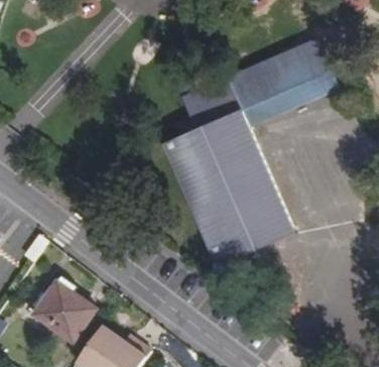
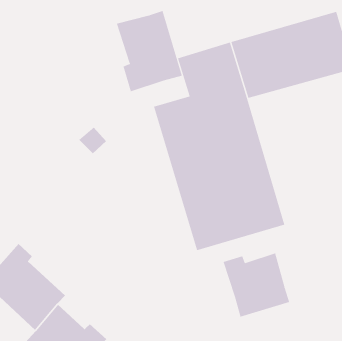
building: none -> [116,10,183,92]
building: none -> [223,252,290,317]

